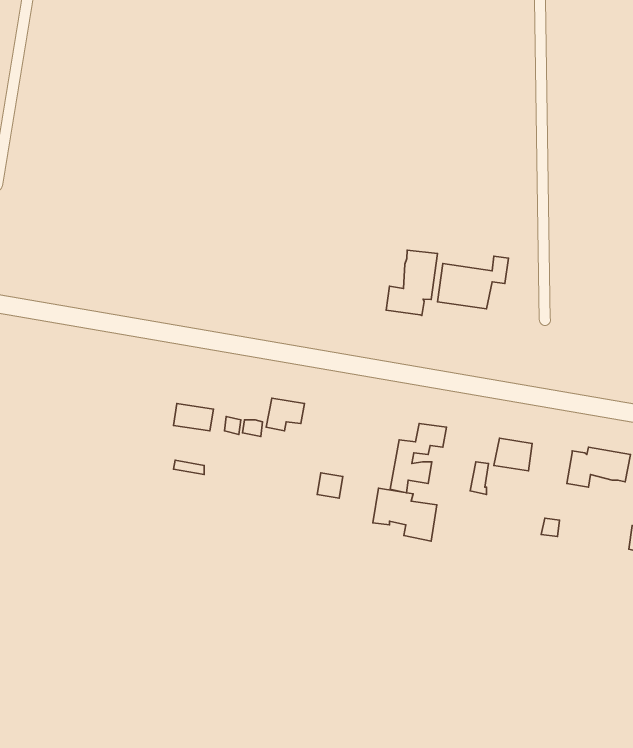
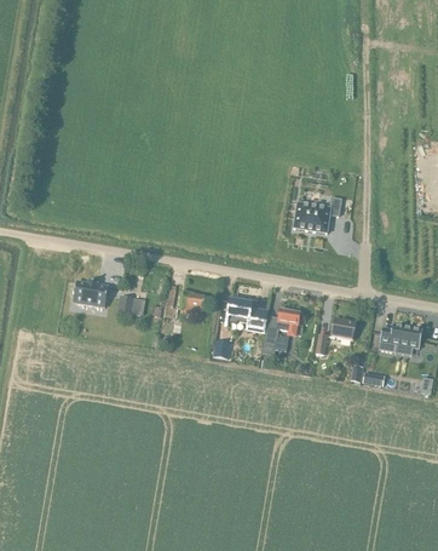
building: [386,250,437,315] -> none
building: none -> [74,280,109,306]
building: [373,488,437,541] -> [226,298,269,333]

